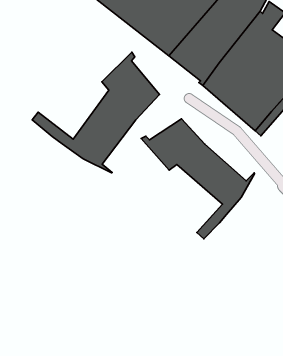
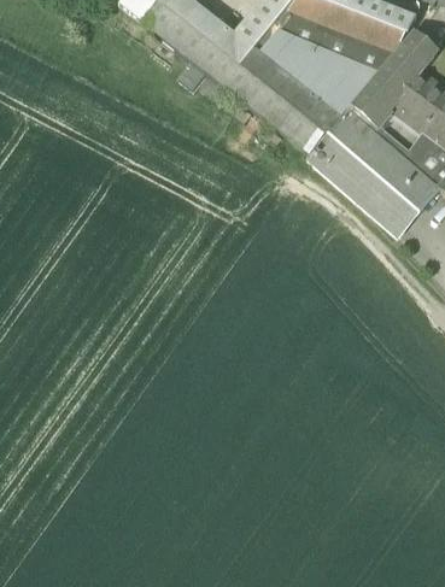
building: [32,52,160,173] -> none
building: [141,119,254,239] -> none

